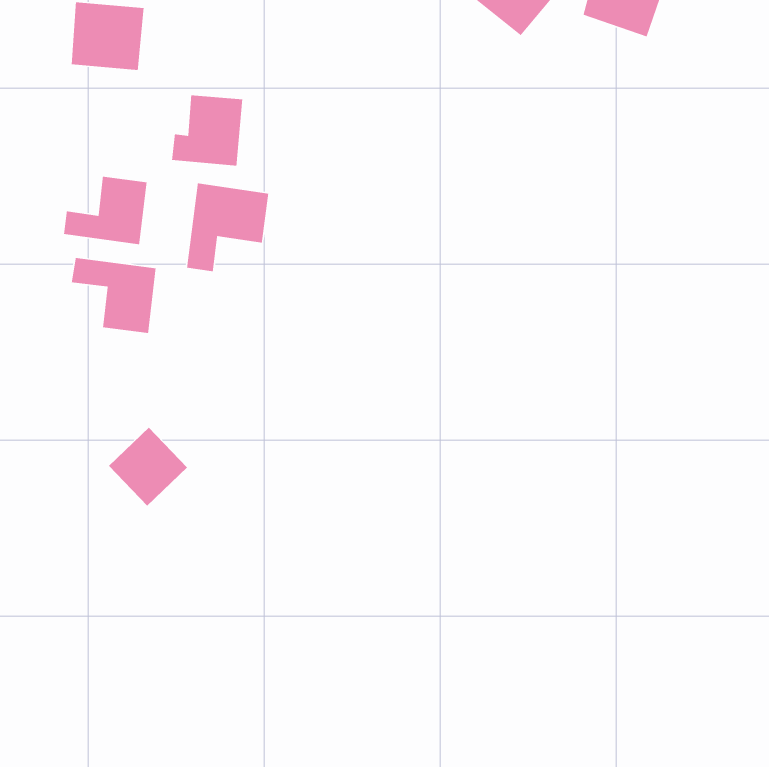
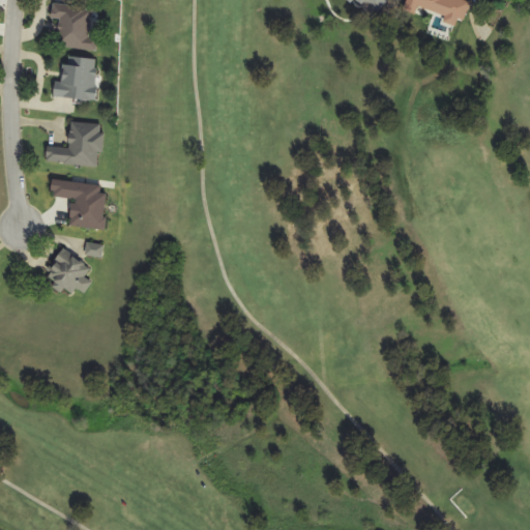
building: [171,94,243,167] -> [52,52,101,101]
building: [186,183,269,272] -> none
building: [108,427,188,506] -> [35,242,90,297]

